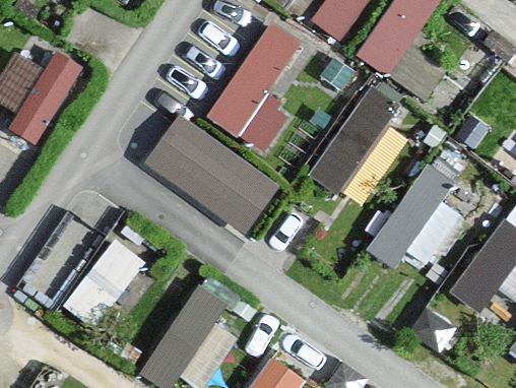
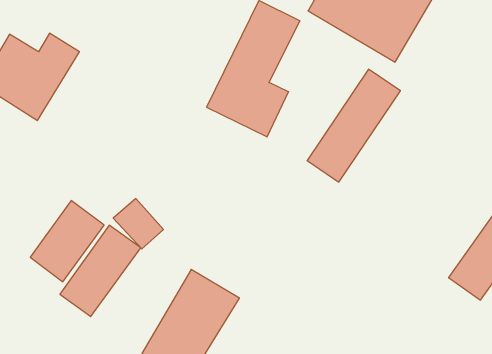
building: [141,113,280,237] -> none
building: [373,172,467,276] -> none

